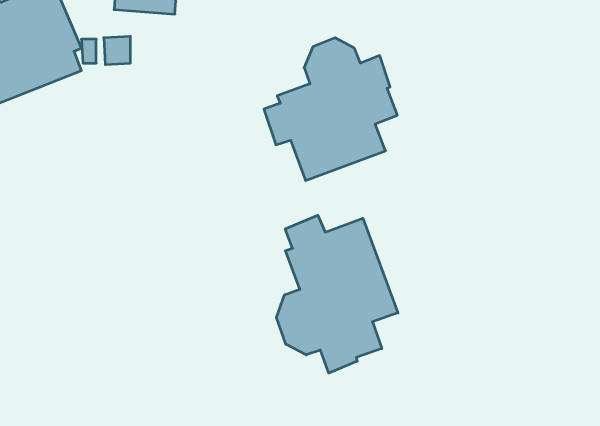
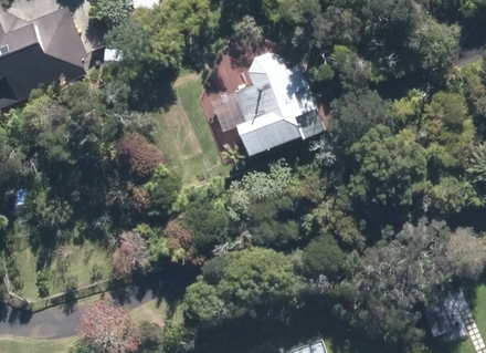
building: [276,215,398,373] -> none

